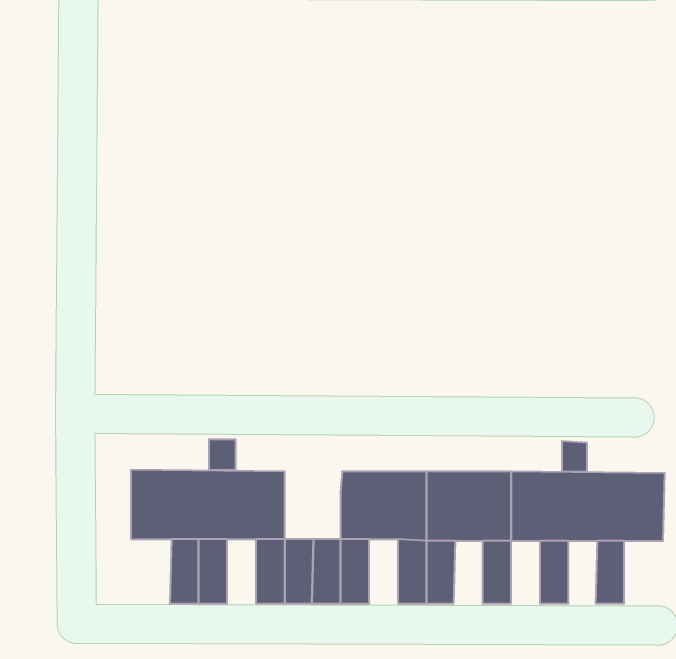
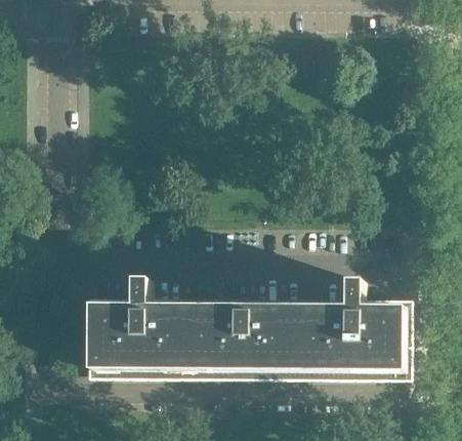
building: none -> [179,299,214,340]
building: none -> [86,340,111,379]
building: none -> [144,340,162,379]
building: none -> [230,340,248,379]
building: none -> [282,342,299,379]
building: none -> [317,342,334,379]
building: none -> [351,342,369,379]
building: none -> [385,342,409,379]

